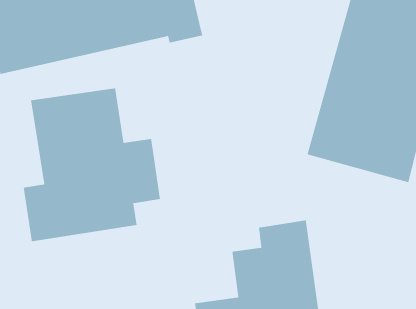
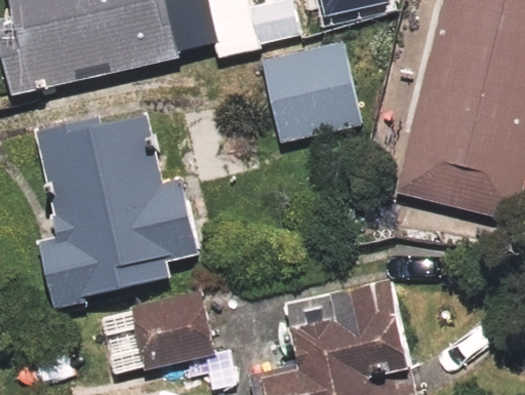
building: none -> [260,36,369,156]
building: none -> [103,290,209,373]

